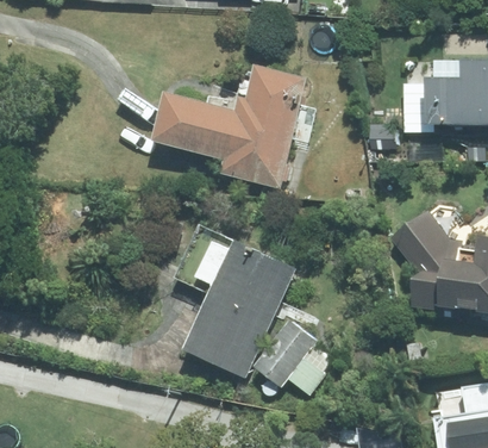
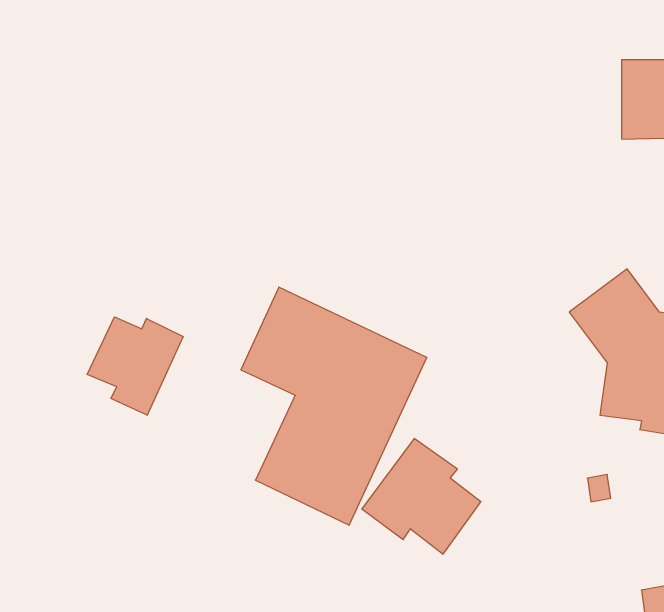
building: [155,63,309,189] -> none
building: none -> [87,317,183,415]

